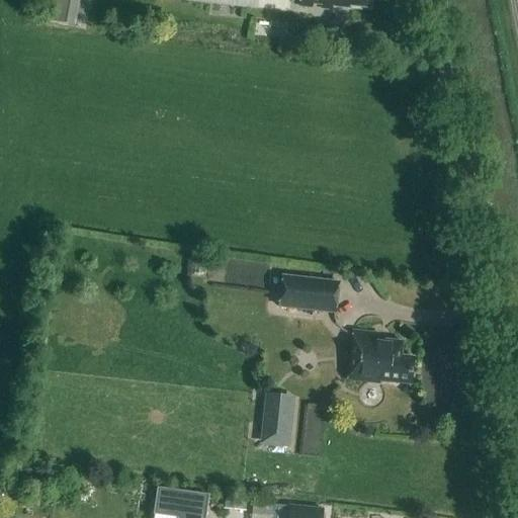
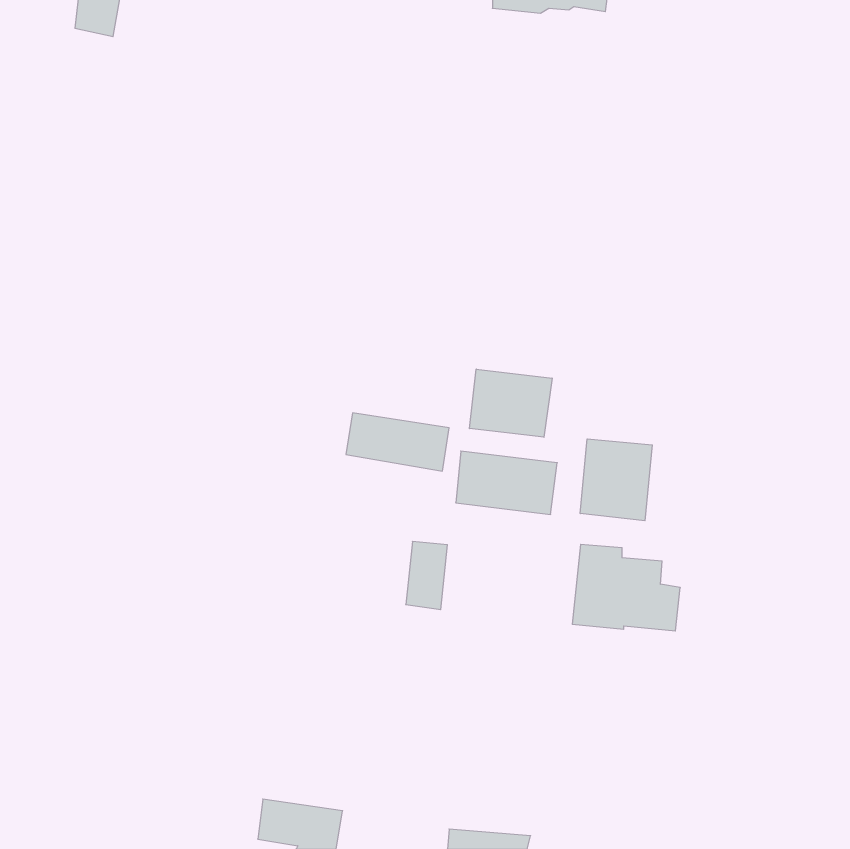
building: none -> [469,369,552,437]
building: none -> [580,439,652,521]
building: [264,401,289,442] -> [406,541,447,610]

